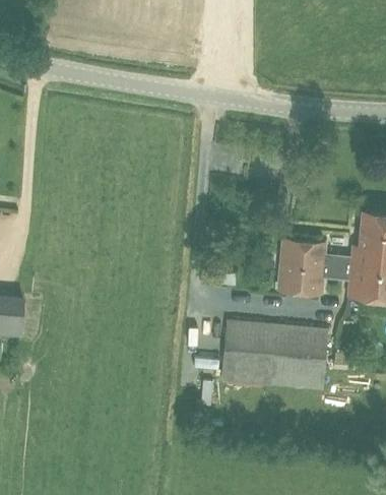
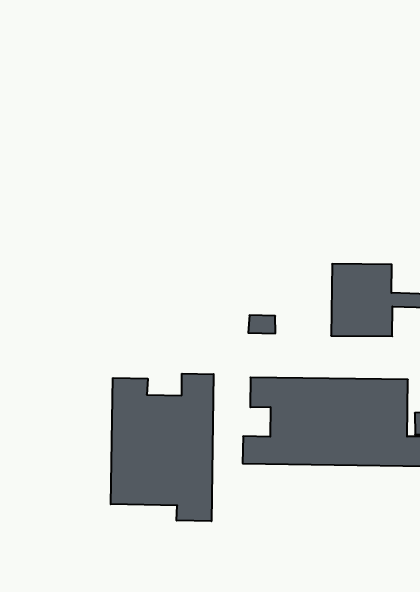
building: none -> [111,374,214,521]

